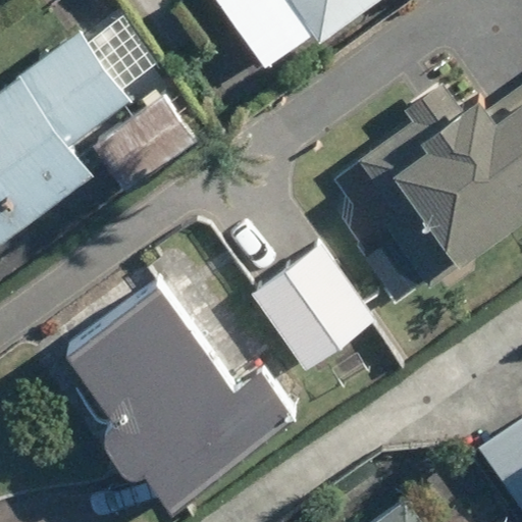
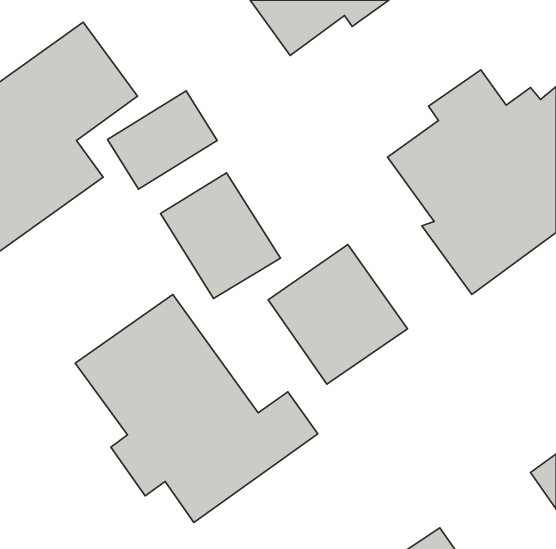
building: none -> [161,173,280,299]

